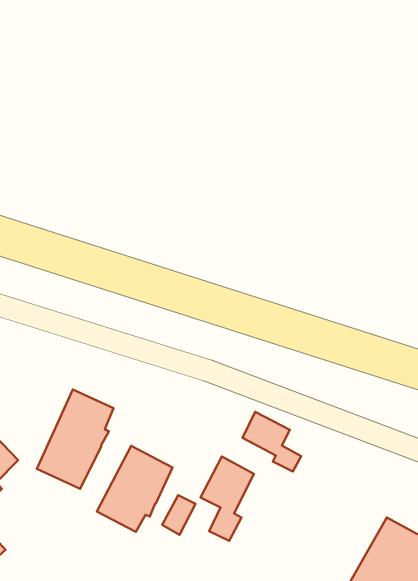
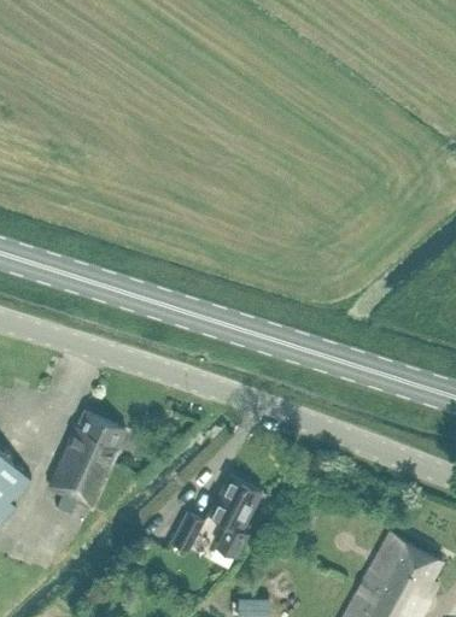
building: [243,412,301,472] -> none
building: [97,446,173,532] -> none

